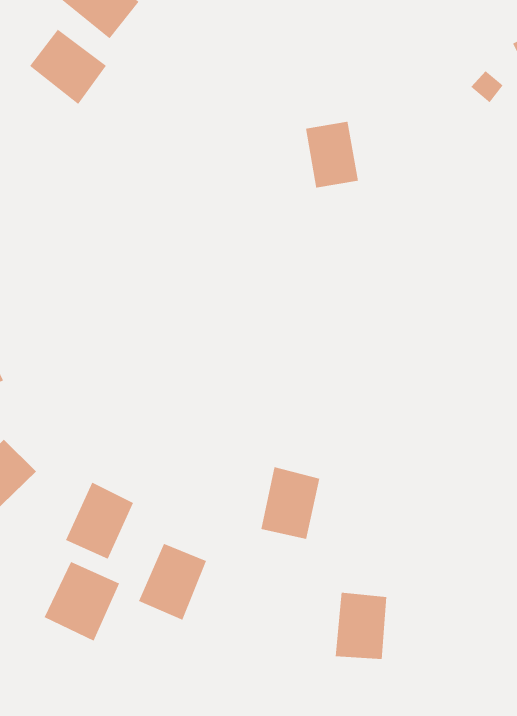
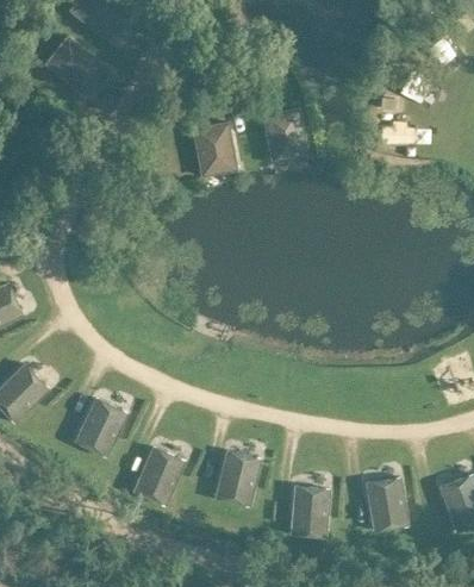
building: none -> [194,121,237,176]
building: [261,467,320,540] -> [213,449,261,507]
building: [44,561,120,641] -> none
building: none -> [363,476,408,531]

